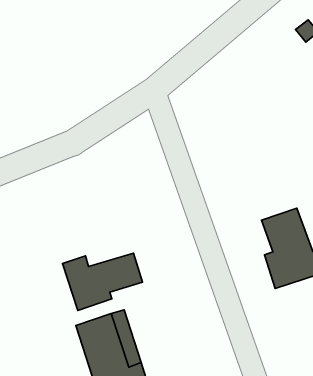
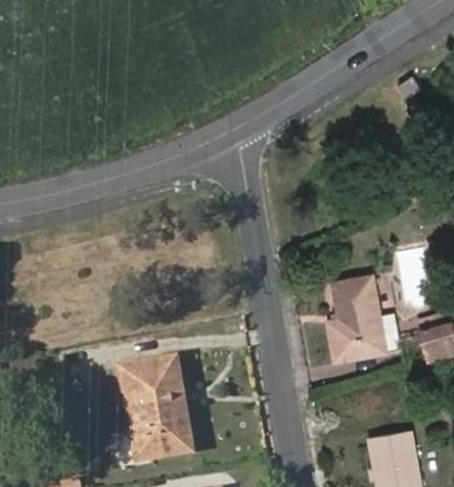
building: [63,253,143,310] -> none

